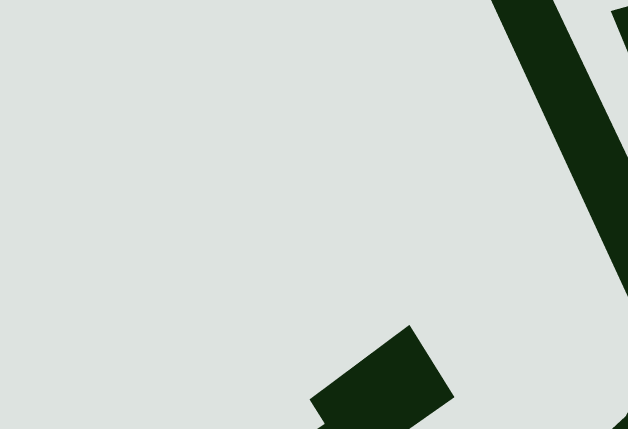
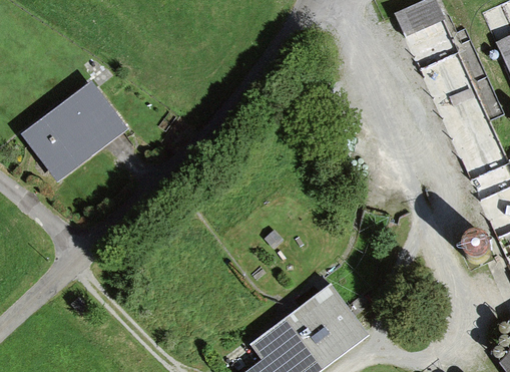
building: none -> [25,98,123,193]

